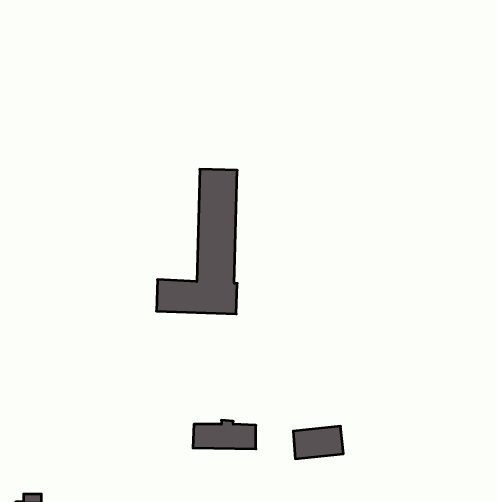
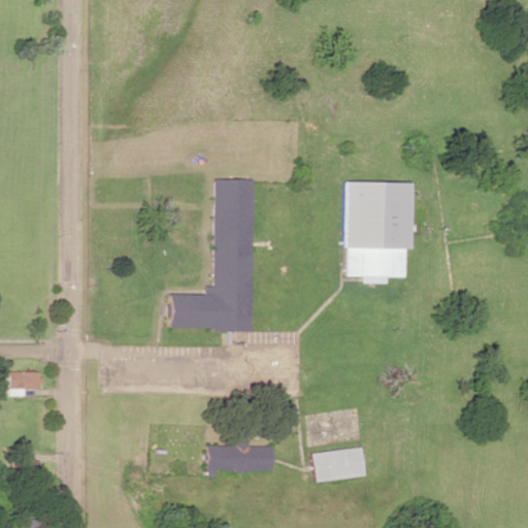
building: none -> [343,182,408,278]
building: none -> [11,371,43,396]

